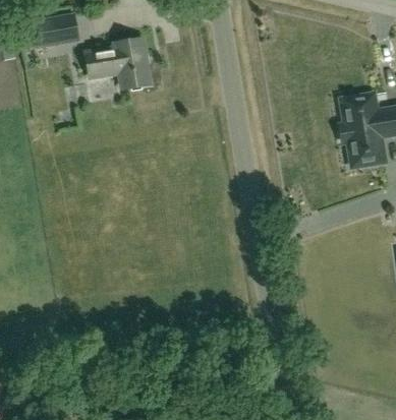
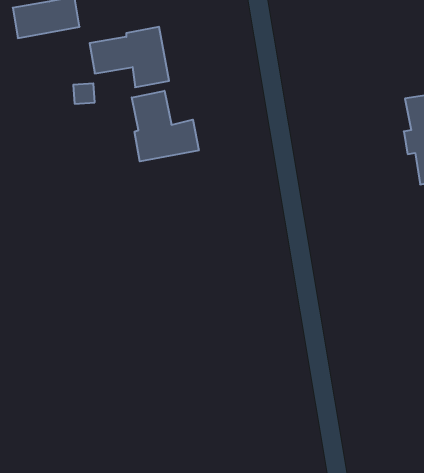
building: none -> [132,91,199,161]

